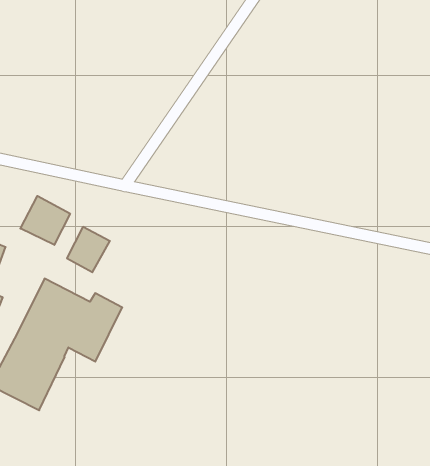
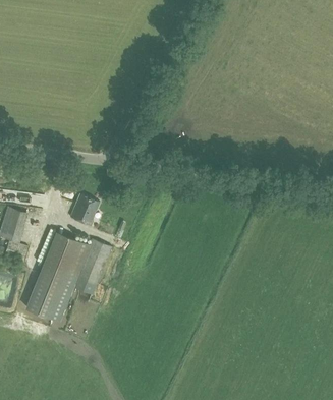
building: [20,196,70,245] -> none

